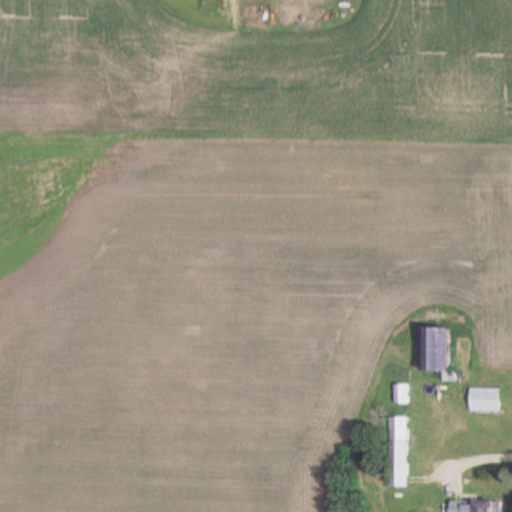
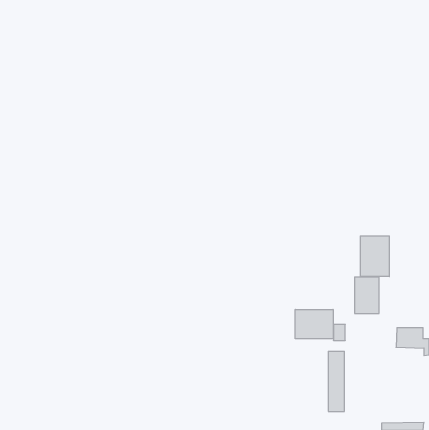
building: none -> [360,236,389,277]
building: none -> [295,309,333,339]

